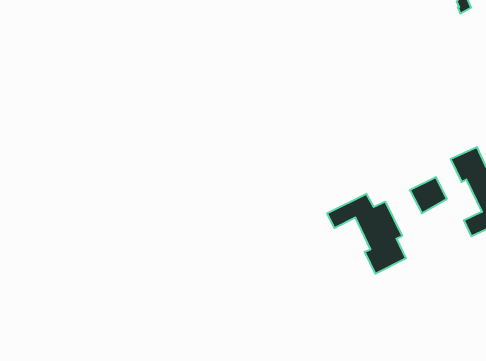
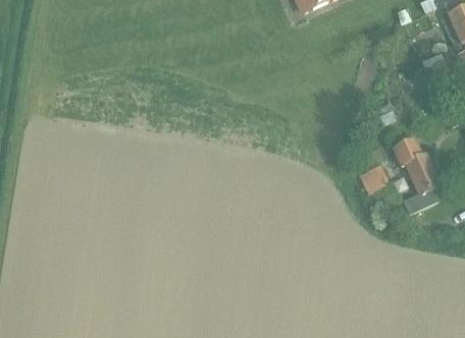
building: [327,194,406,274] -> none

